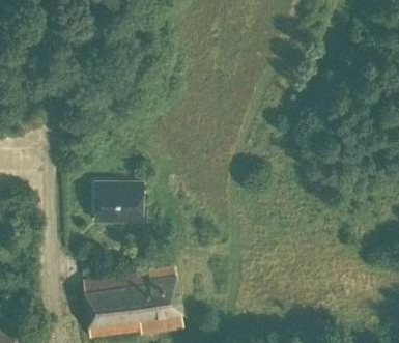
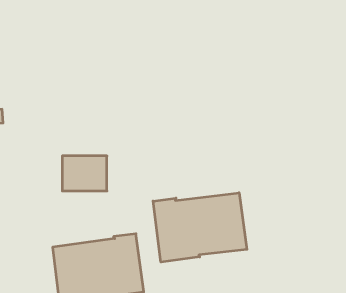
building: none -> [153,193,247,262]

